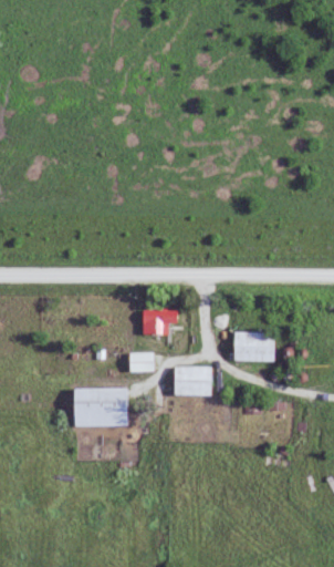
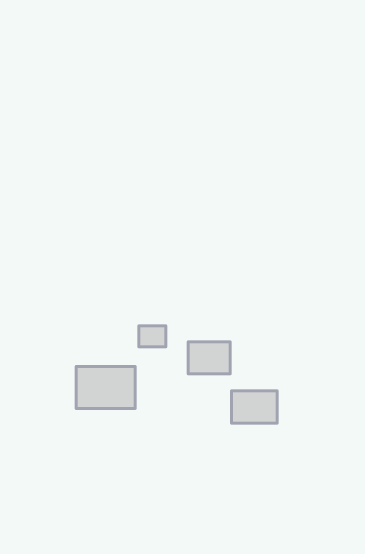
building: [143,310,177,334] -> none
building: [233,332,274,361] -> [232,391,277,423]

